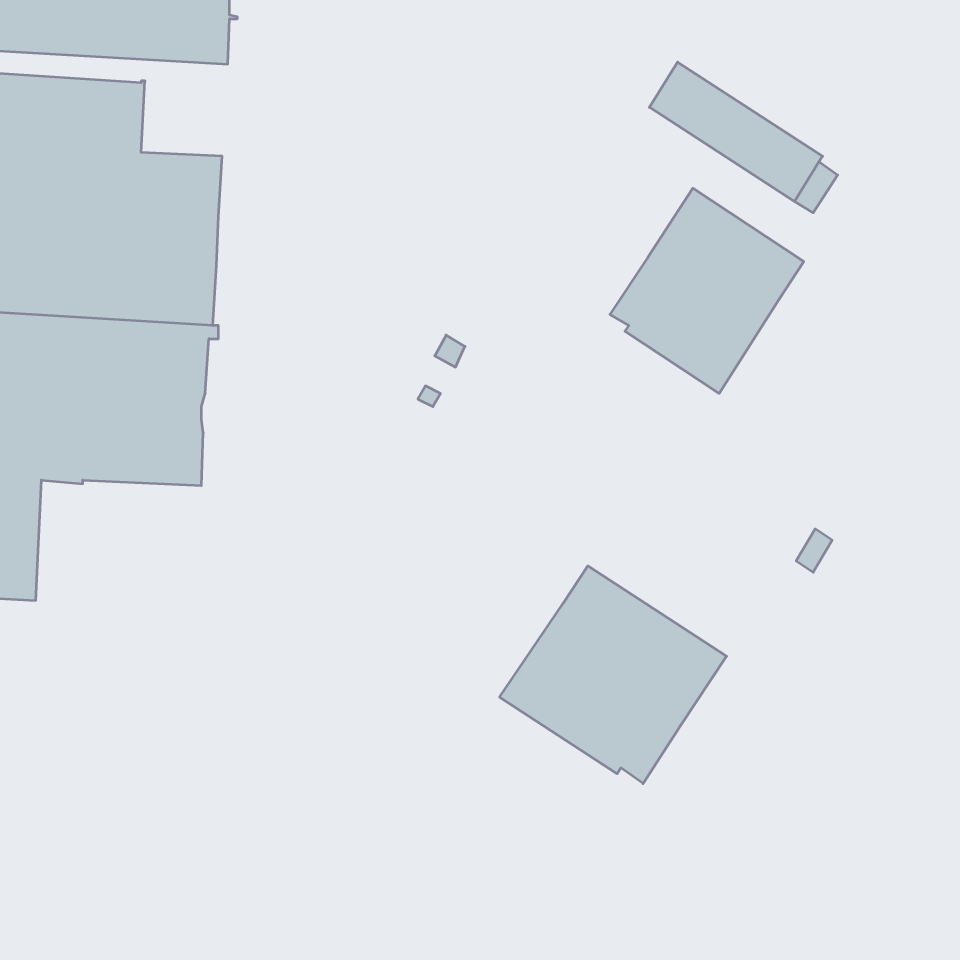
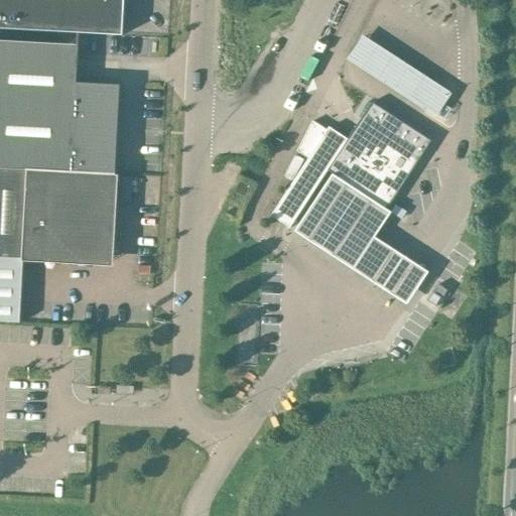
building: none -> [270,119,347,227]
building: none -> [296,177,432,308]
building: [500,566,727,784] -> none

